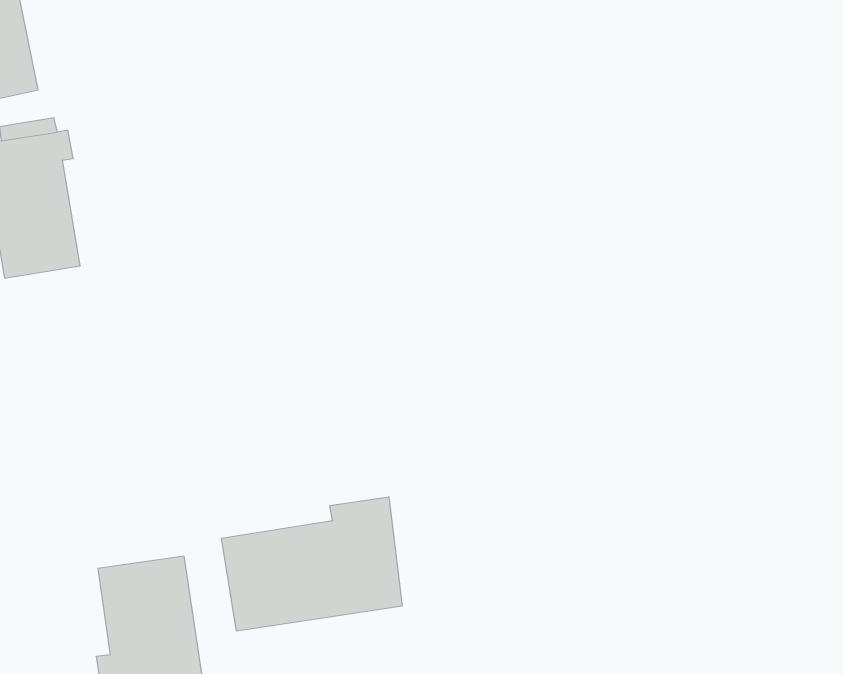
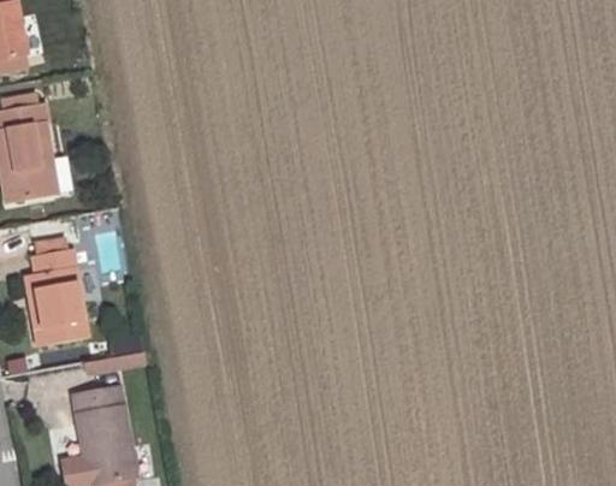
building: none -> [26,243,93,346]
building: [222,497,402,631] -> none

